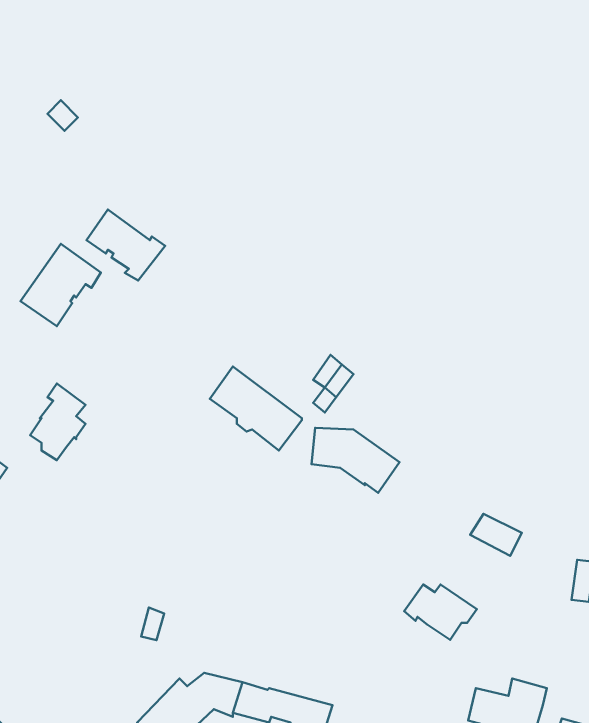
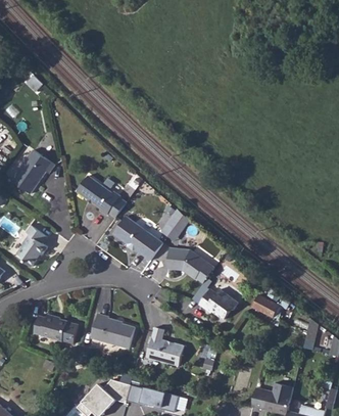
building: [87,210,165,280] -> [78,177,119,215]
building: none -> [90,314,134,349]
building: none -> [33,315,80,344]
building: none -> [145,327,183,366]
building: [404,584,477,640] -> [199,289,238,319]

